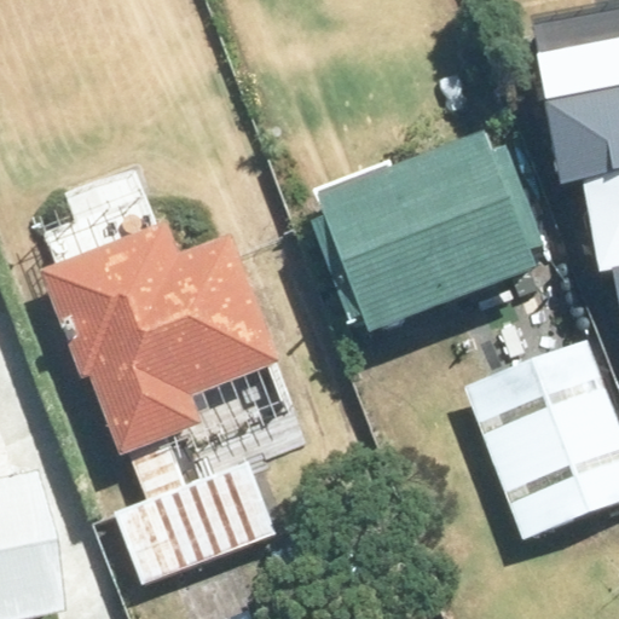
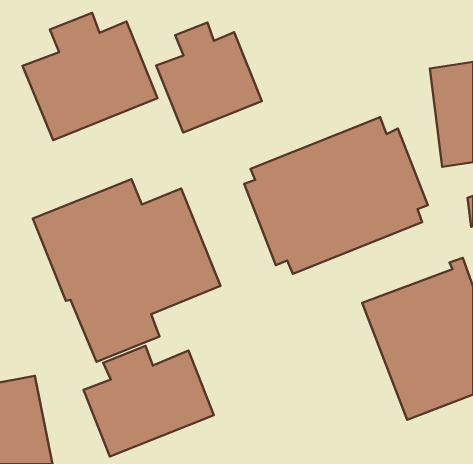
building: none -> [23,13,157,140]
building: none -> [156,23,262,133]

